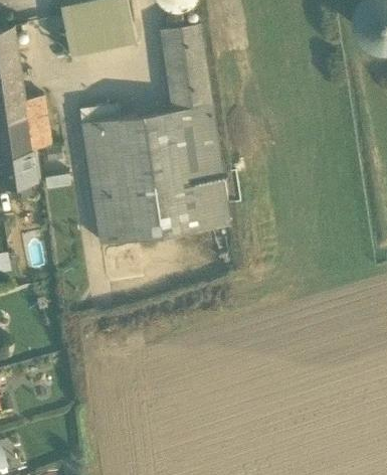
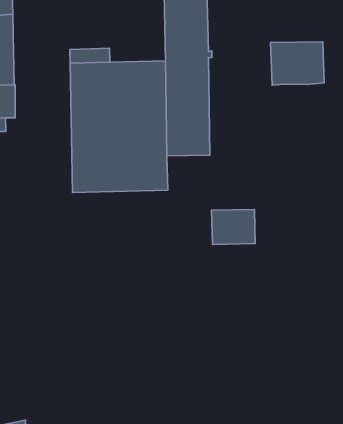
building: none -> [270,42,324,85]
building: [26,99,56,149] -> none
building: [186,191,231,229] -> [212,209,255,244]

